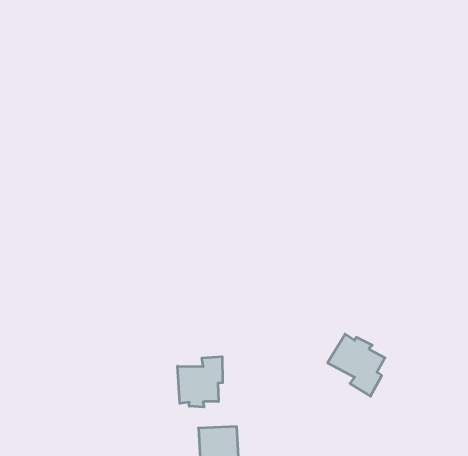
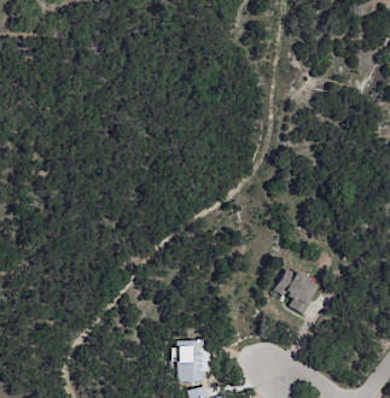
building: [178,357,223,407] -> none

